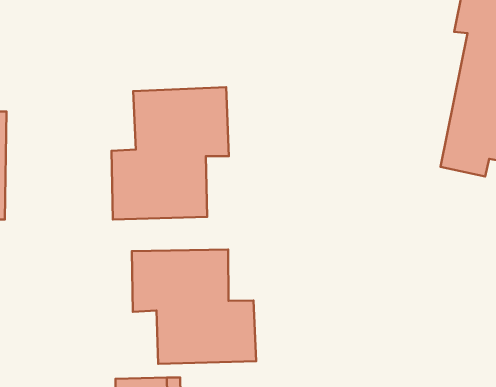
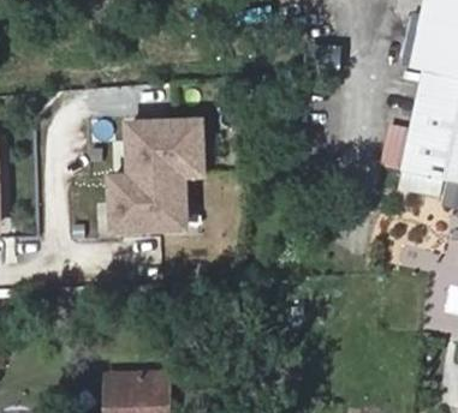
building: [132,250,256,364] -> none

